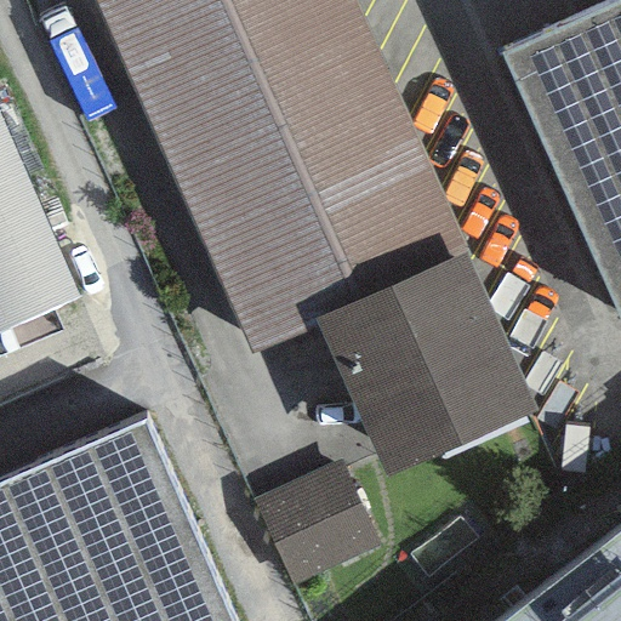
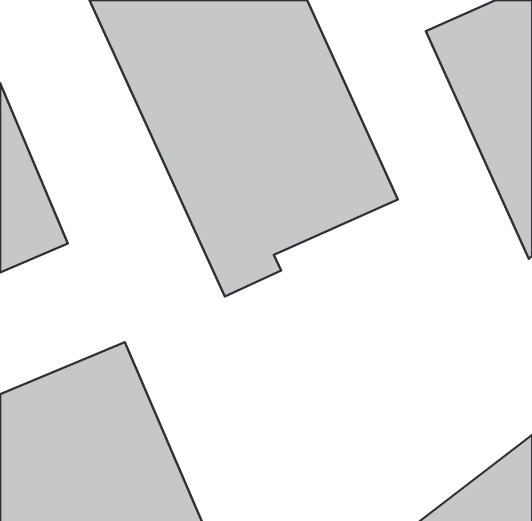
building: [319,245,534,466] -> none
building: [252,466,375,588] -> none

